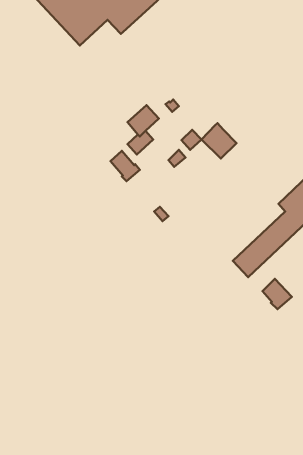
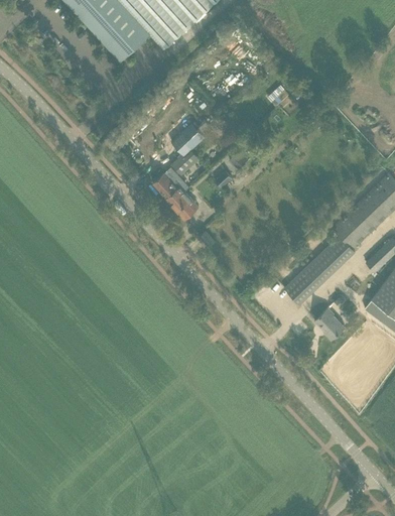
building: [202,123,237,159] -> none
building: none -> [170,190,199,219]

